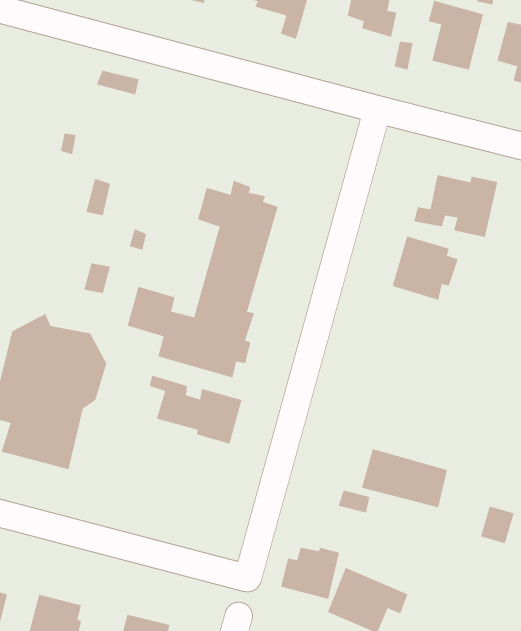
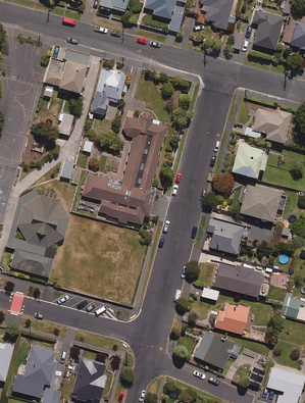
building: none -> [46,59,88,94]
building: none -> [91,68,126,114]
building: none -> [240,185,287,221]
building: none -> [207,218,250,254]
building: [149,375,242,445] -> none
building: [280,547,340,599] -> [215,304,249,334]

